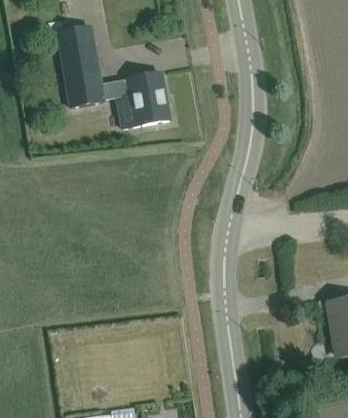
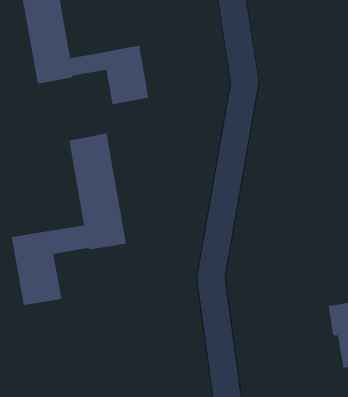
building: none -> [11,133,127,306]

